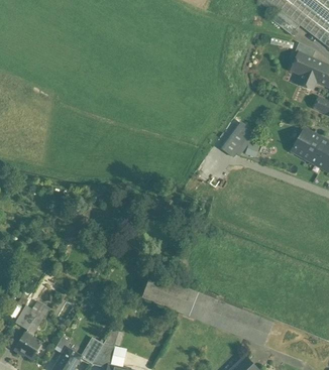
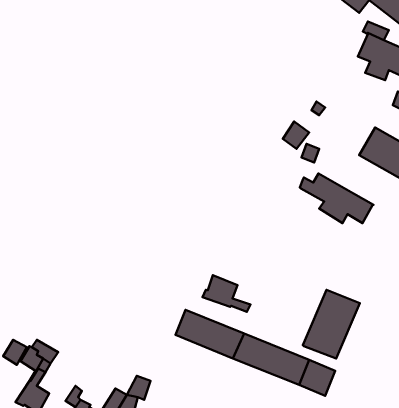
building: none -> [300,174,373,223]
building: none -> [202,275,250,312]
building: none -> [303,290,360,359]

